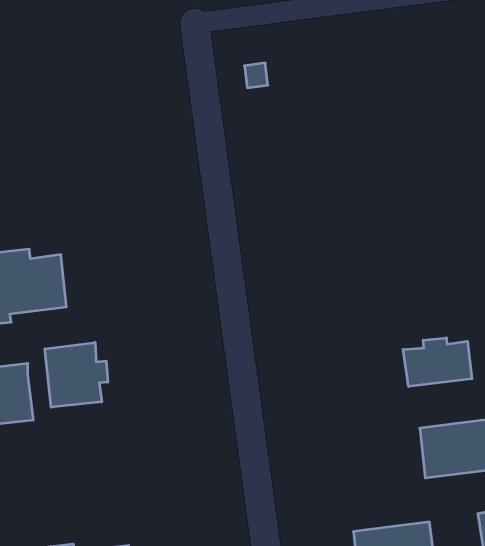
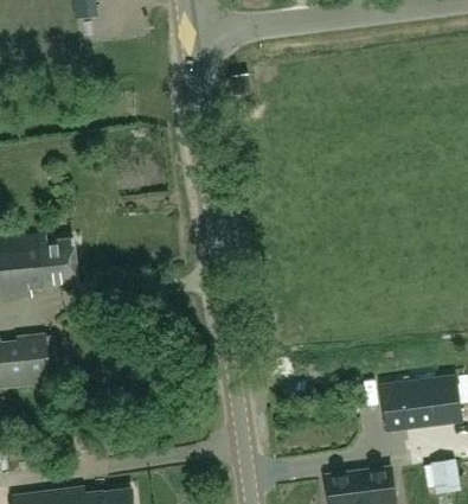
building: [403,338,472,387] -> none
building: [45,342,108,407] -> none

